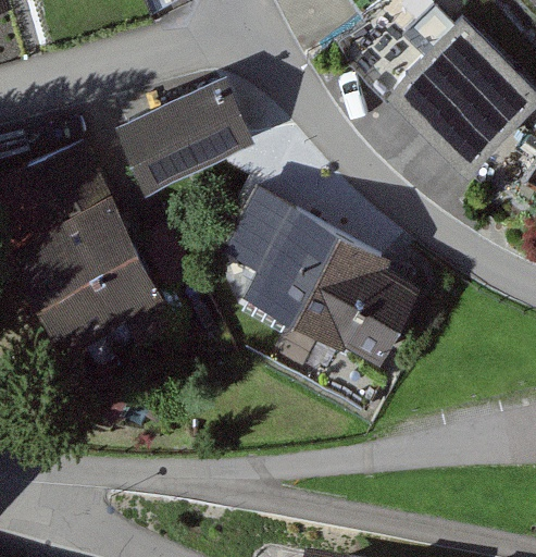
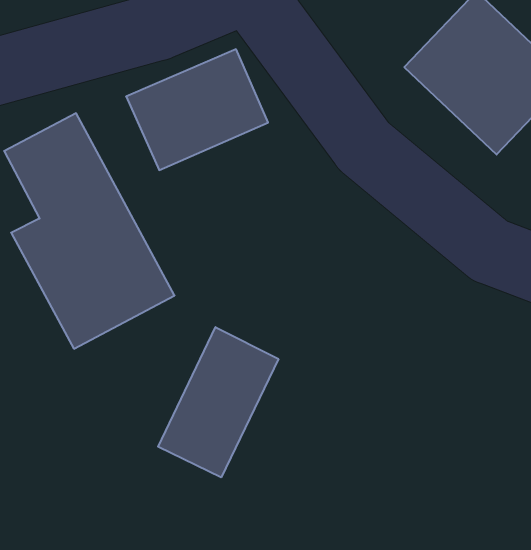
building: [240,195,433,361] -> none
building: none -> [158,327,278,477]

